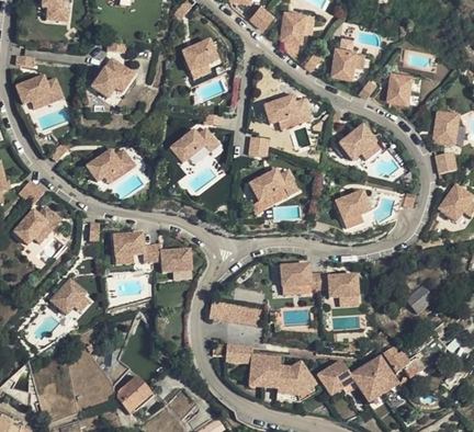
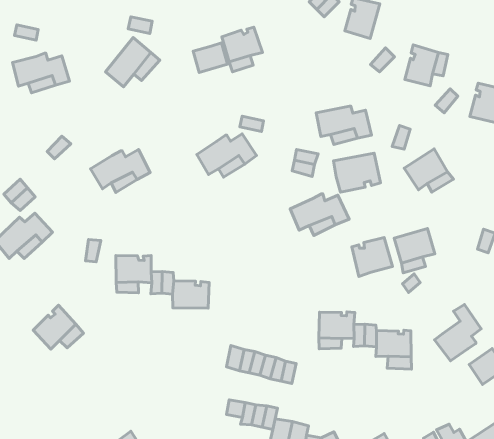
building: none -> [193,43,228,72]
building: none -> [334,153,381,192]
building: none -> [352,238,392,277]
building: none -> [435,305,481,361]

